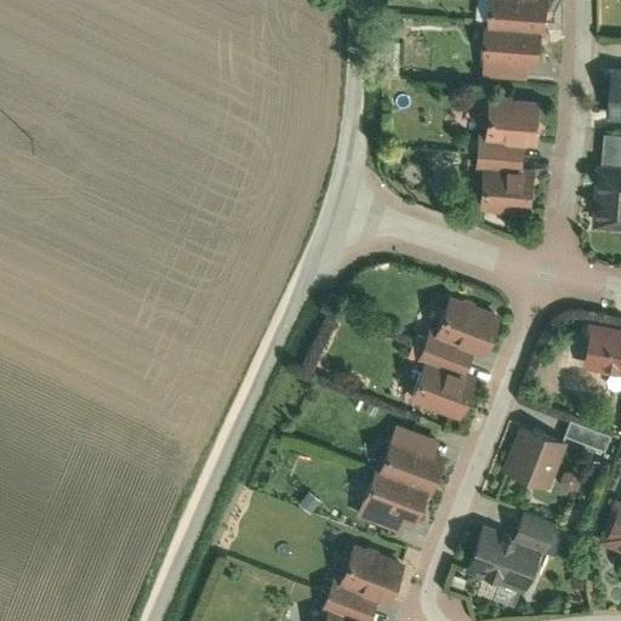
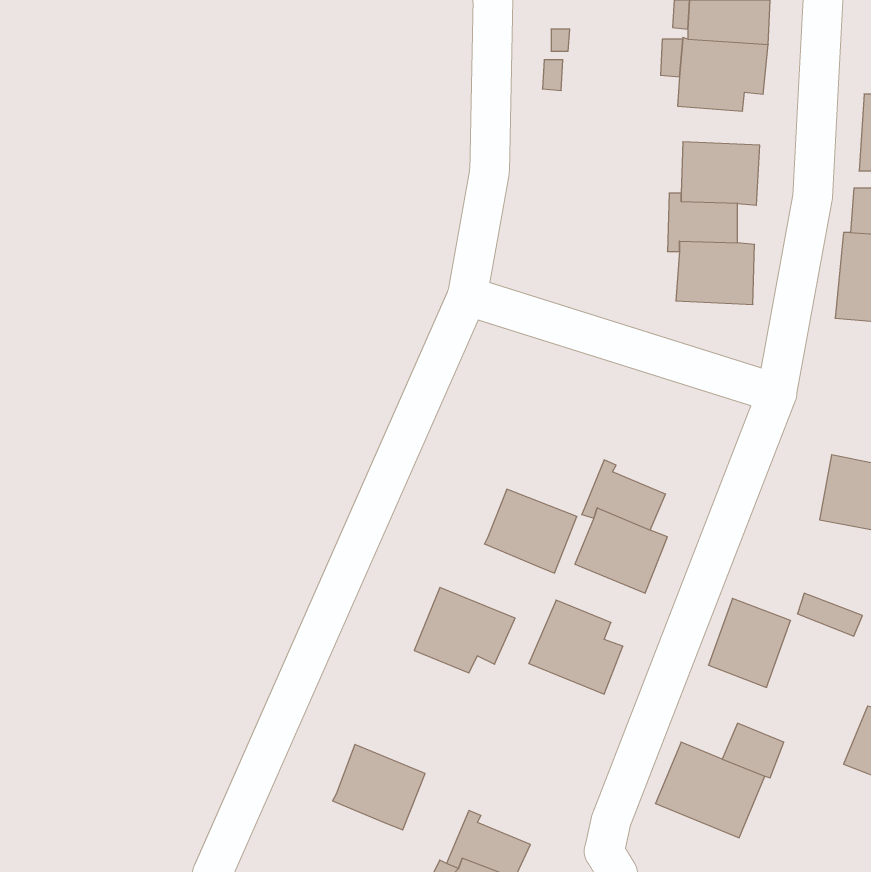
building: [437,297,502,357] -> [484,489,577,573]
building: [359,472,431,532] -> [414,587,515,673]
building: [341,545,406,605] -> [333,744,425,830]

